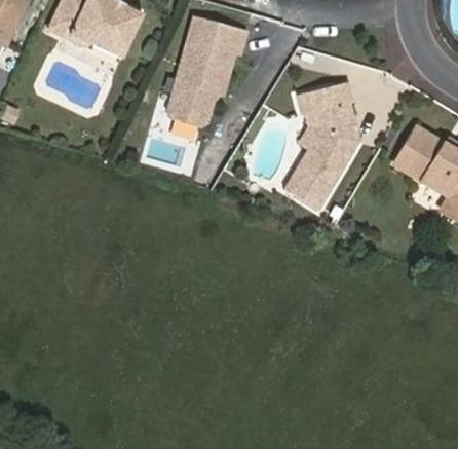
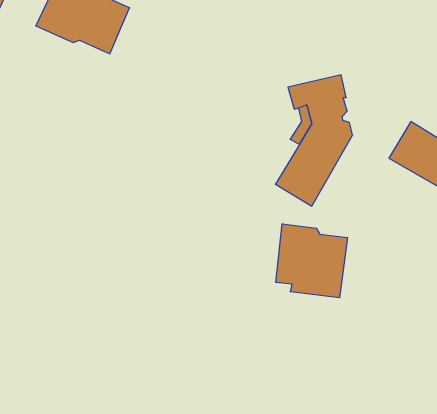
building: [167,18,247,127] -> none
building: none -> [276,224,348,298]

